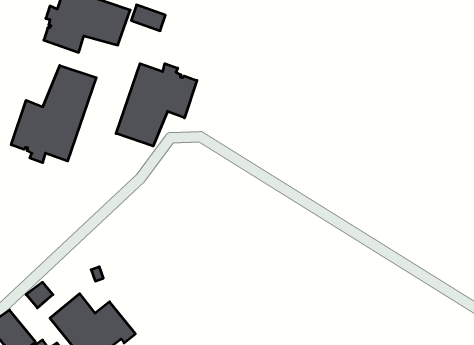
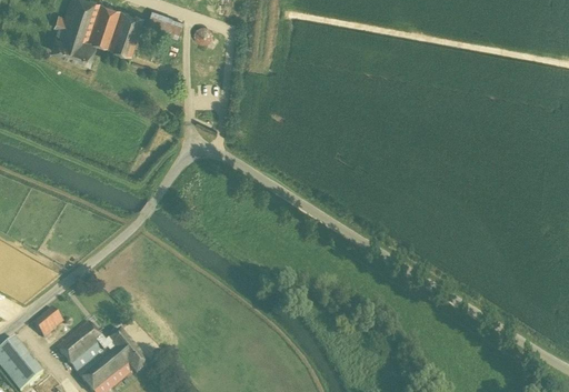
building: [116,64,197,146] -> none
building: [11,65,96,163] -> none

